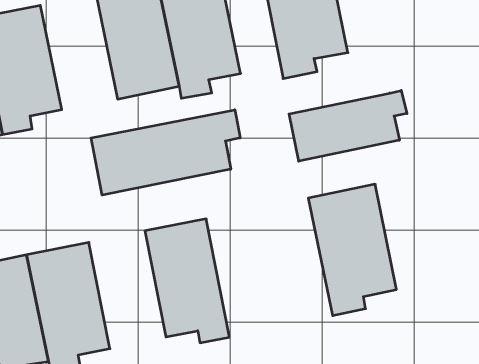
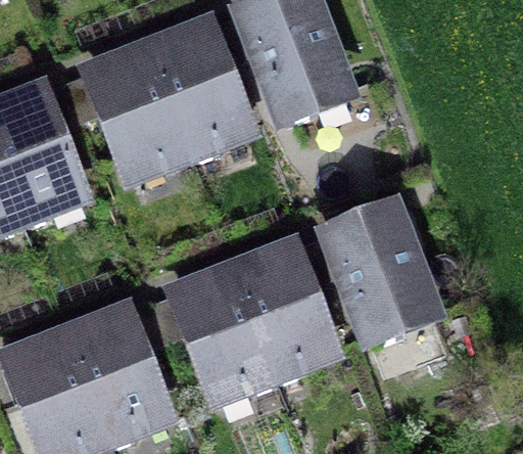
building: [289,90,407,161] -> none
building: [91,110,240,195] -> none
building: none -> [235,247,330,380]

